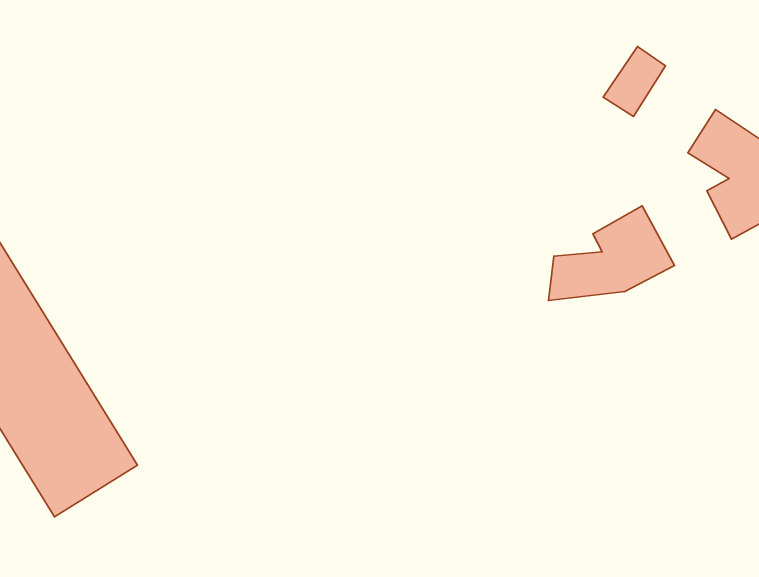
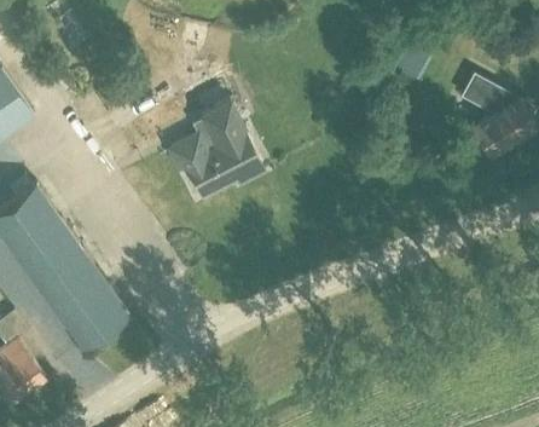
building: none -> [164,106,263,197]
building: [548,206,675,300] -> none

